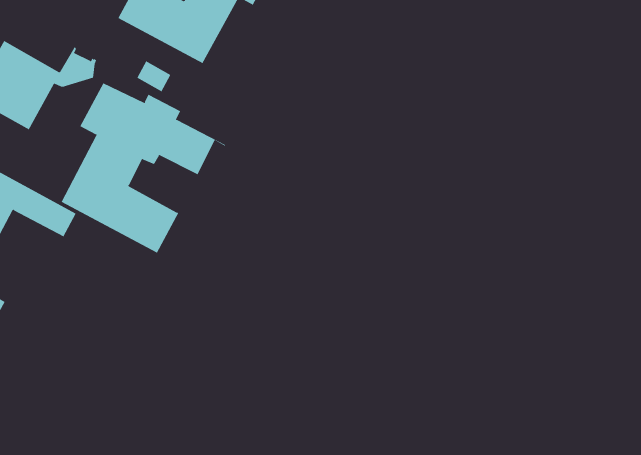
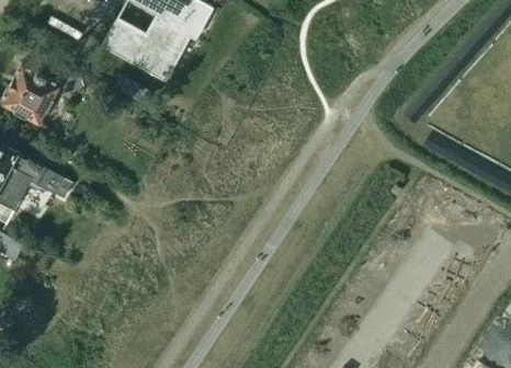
building: [61,82,226,254] -> none

